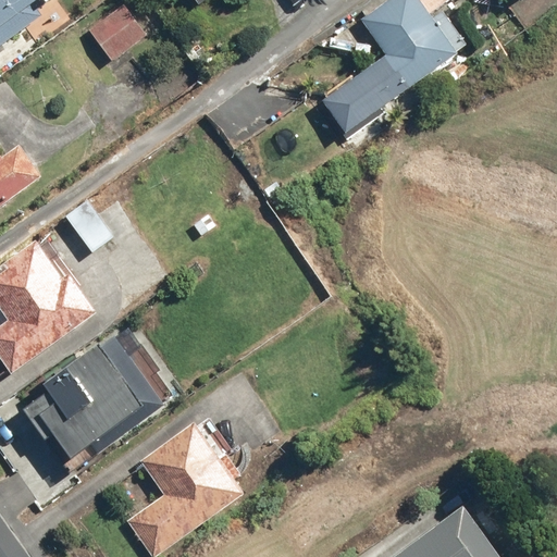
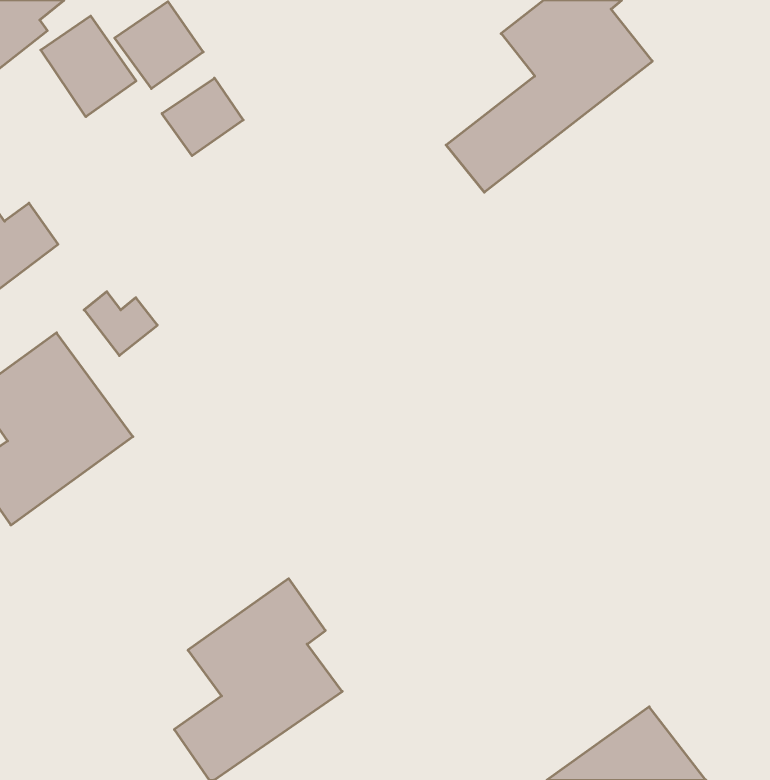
building: none -> [41,16,136,117]
building: none -> [162,78,243,156]
building: [35,341,162,456] -> none

